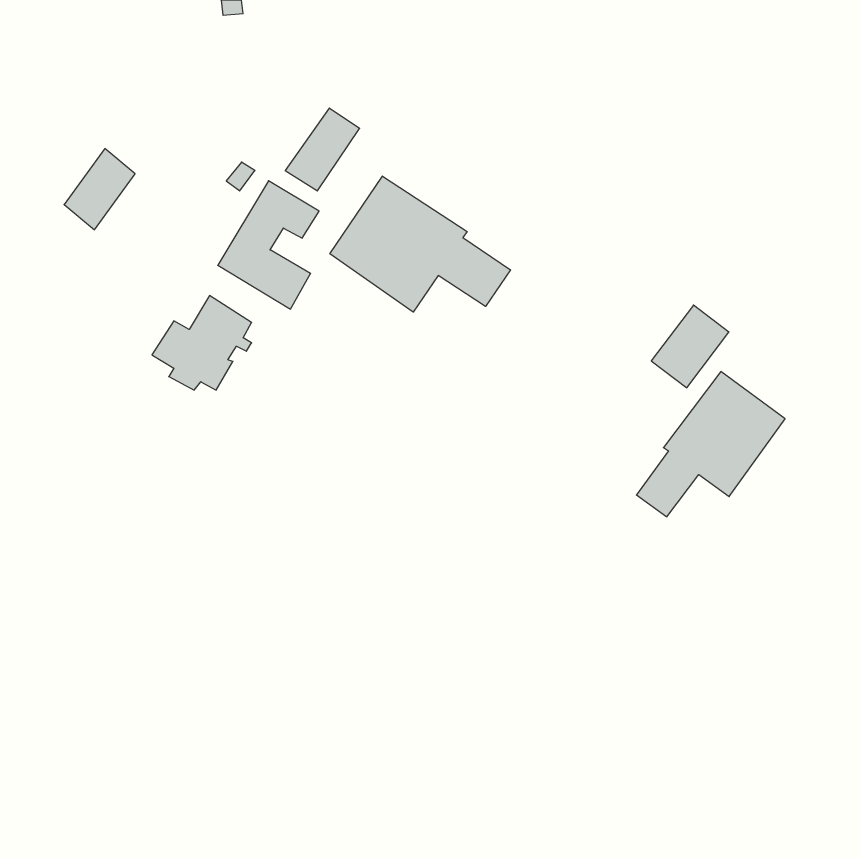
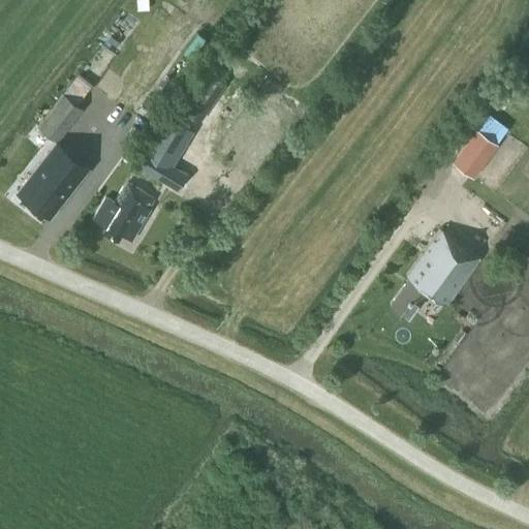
building: [330,176,511,312] -> none
building: none -> [19,145,89,219]
building: [651,305,729,388] -> [453,129,500,180]

